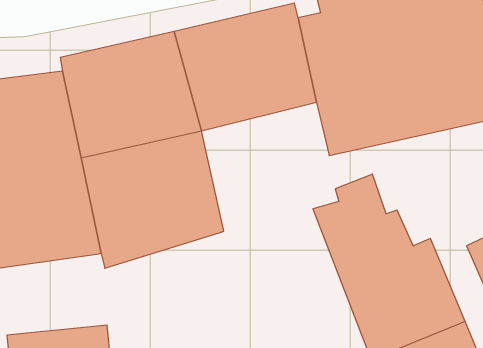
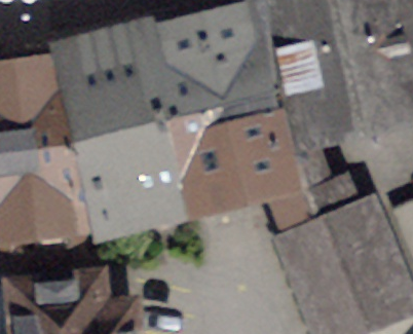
building: none -> [179,102,293,209]

